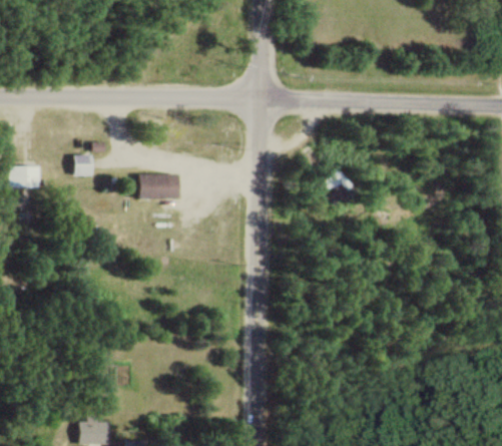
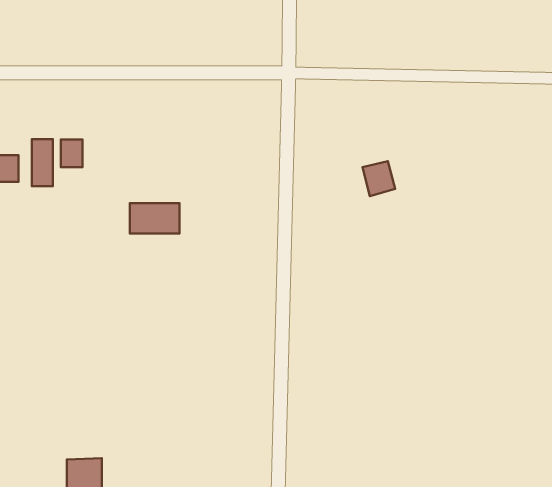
building: none -> [32,139,53,186]
building: [138,174,179,199] -> [130,203,179,233]

